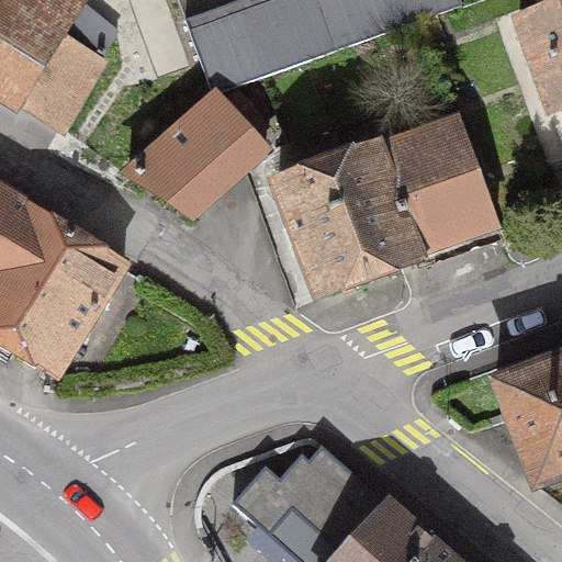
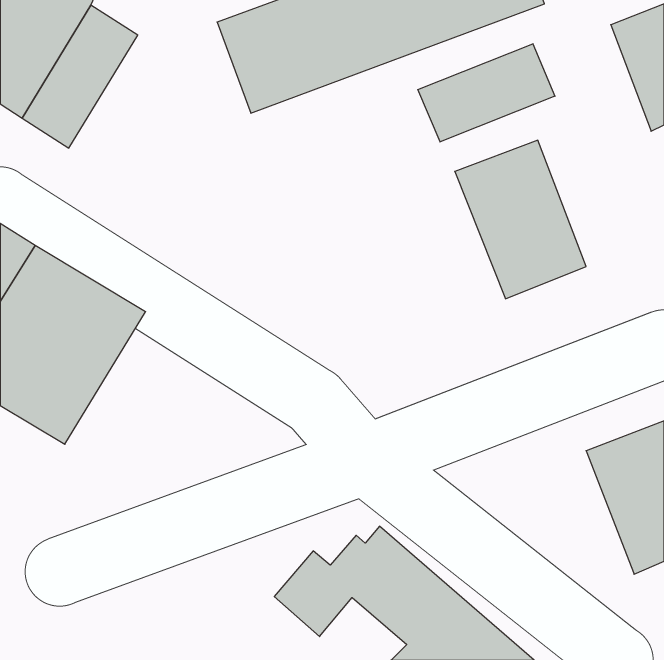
building: none -> [418,44,555,142]
building: [128,95,263,215] -> none
building: [277,145,427,295] -> none

